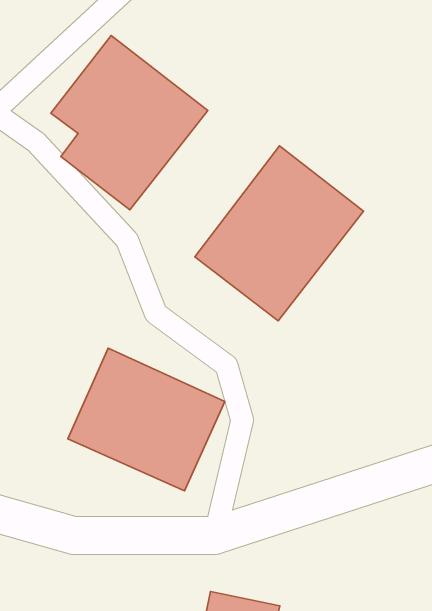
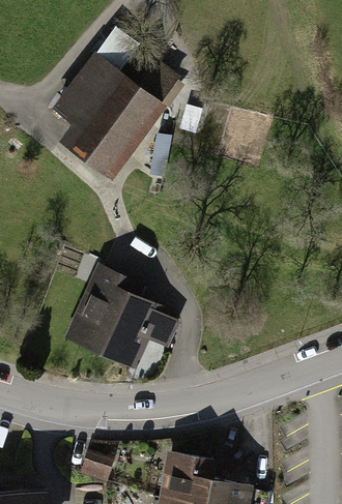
building: [195,146,363,321] -> none

